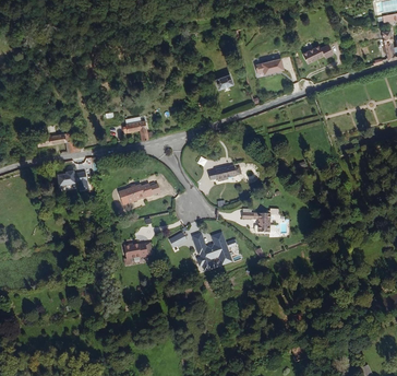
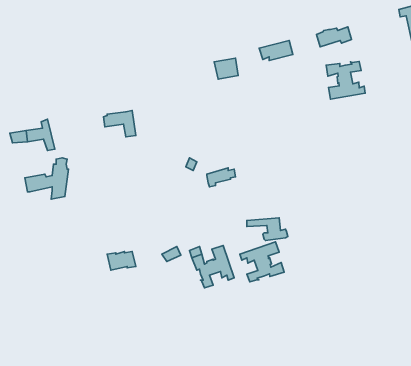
building: none -> [326,62,365,99]
building: [122,180,165,200] -> none
building: none -> [240,242,284,282]

